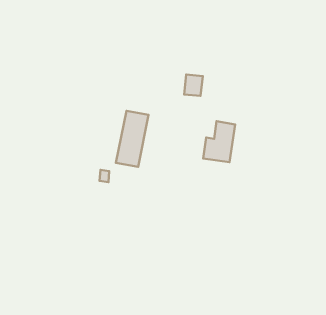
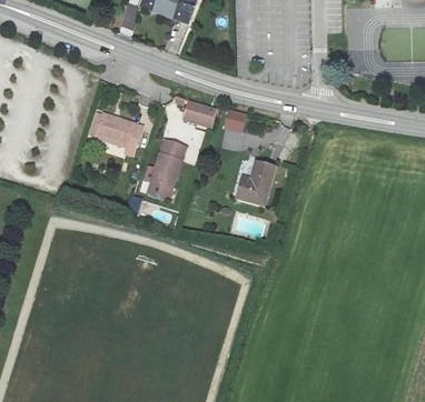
building: none -> [184,100,216,124]
building: none -> [95,112,142,154]

